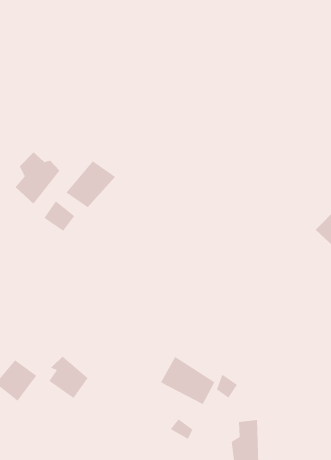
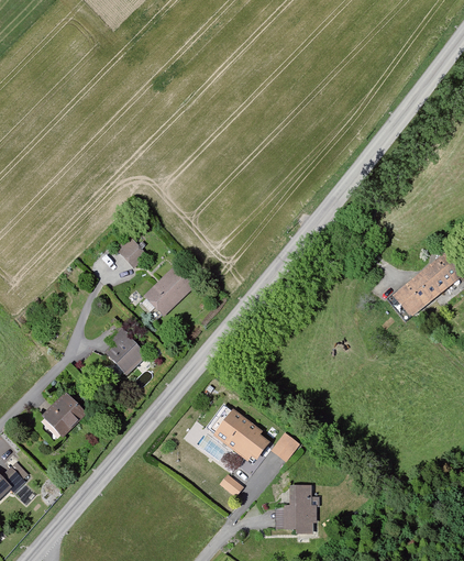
building: [15,152,60,204] -> none
building: [66,161,116,208] -> [143,265,197,314]
building: [48,356,88,399] -> [102,329,144,375]

